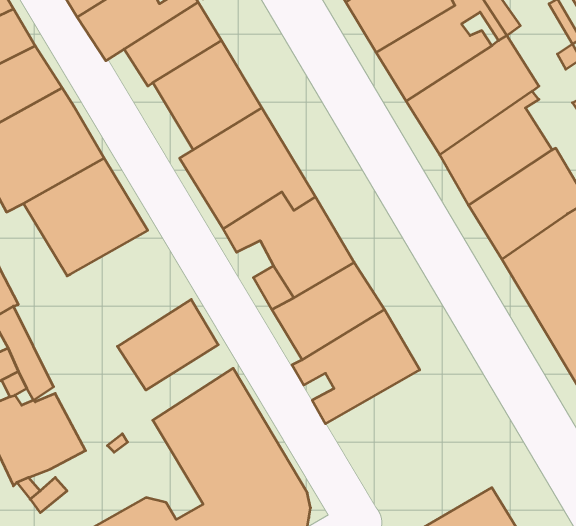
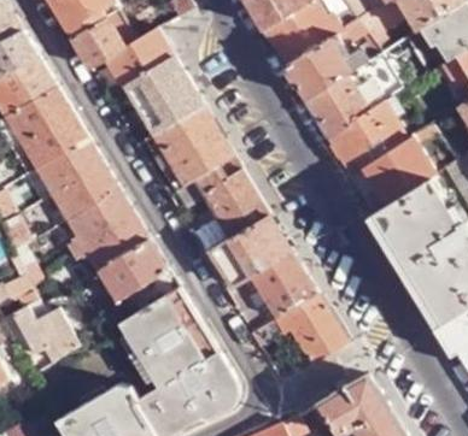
building: none -> [64,193,151,277]
building: none -> [247,293,346,384]

